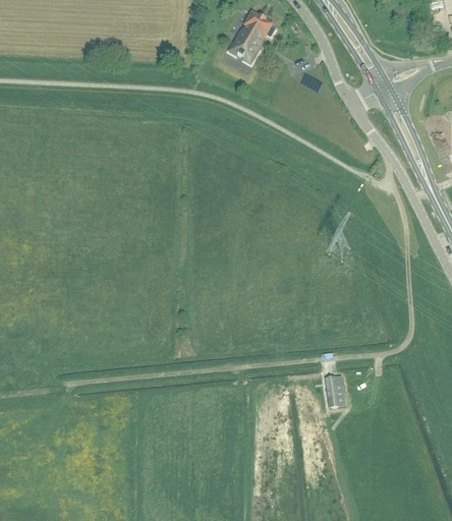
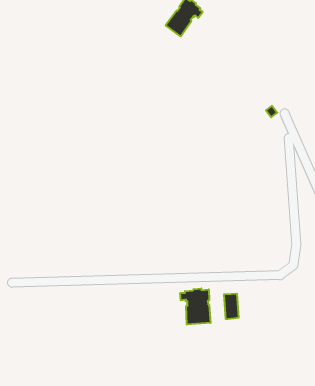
building: none -> [180,288,211,325]

